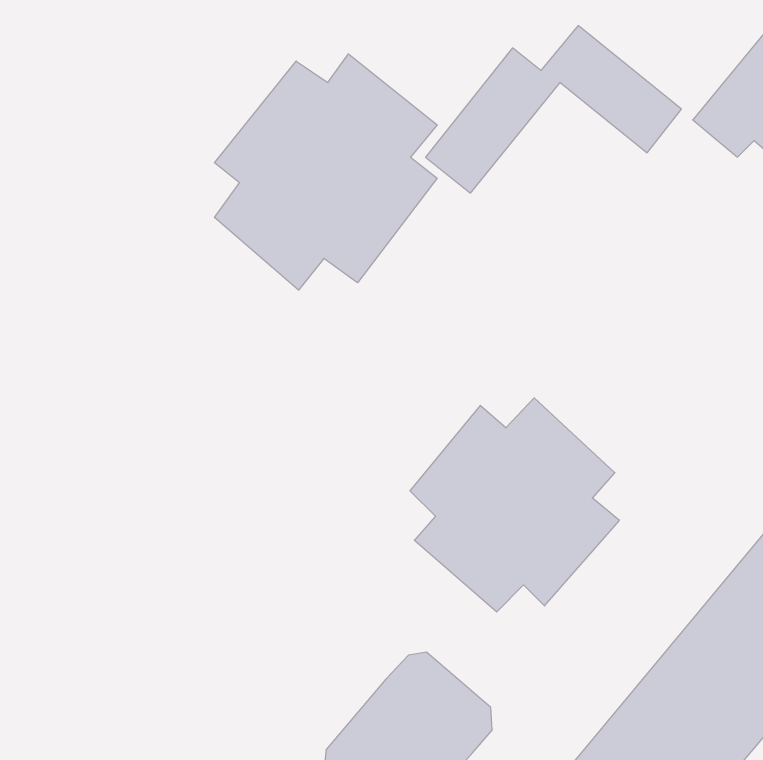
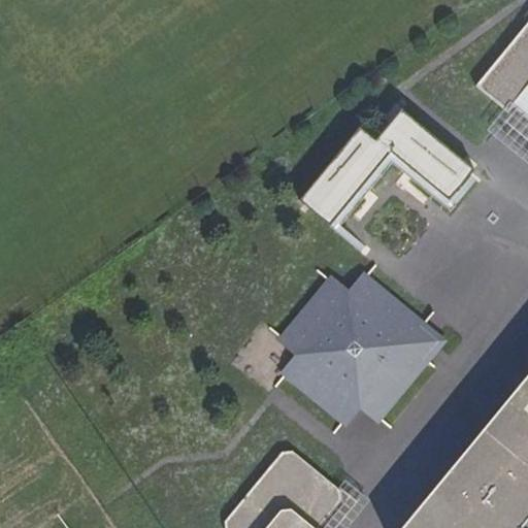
building: [426,26,681,193] -> [299,114,475,230]
building: [215,54,437,290] -> none

